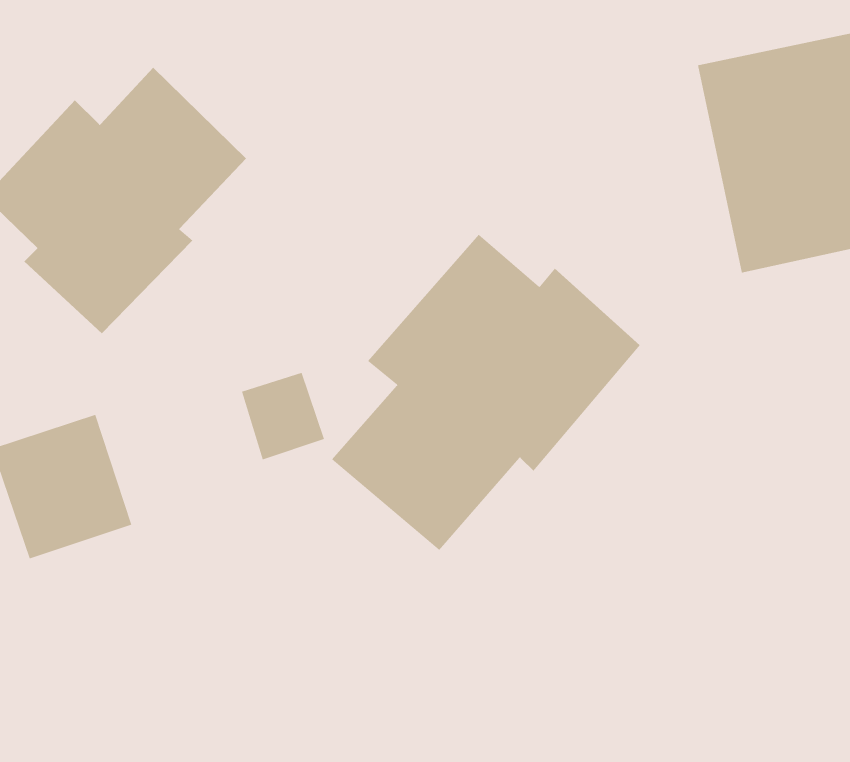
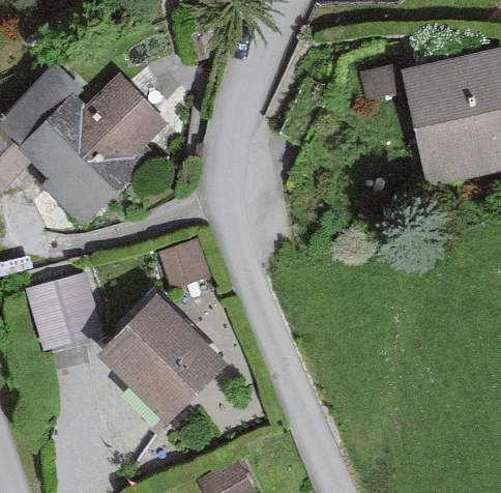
building: [331,234,640,551] -> none
building: none -> [99,294,225,416]

